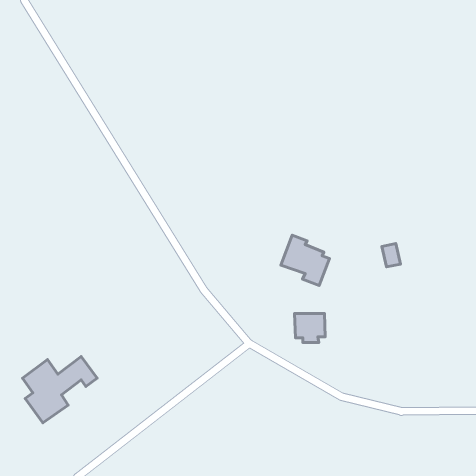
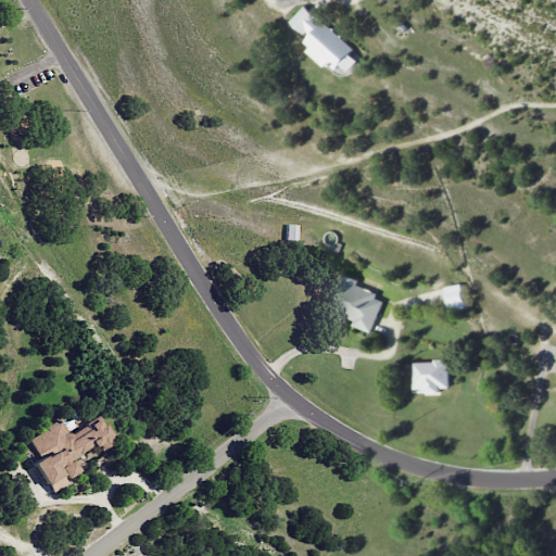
building: none -> [291,8,357,73]
building: [294,313,325,342] -> [414,362,450,395]

